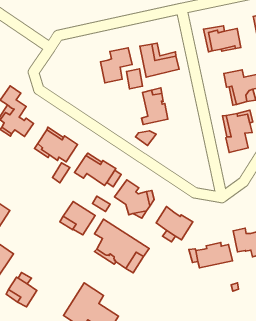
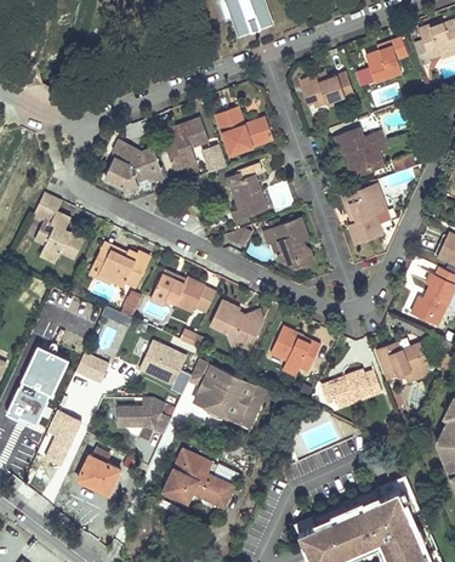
building: none -> [102,140,169,194]
building: none -> [263,217,314,268]
building: none -> [75,351,108,381]
building: none -> [115,397,171,435]

